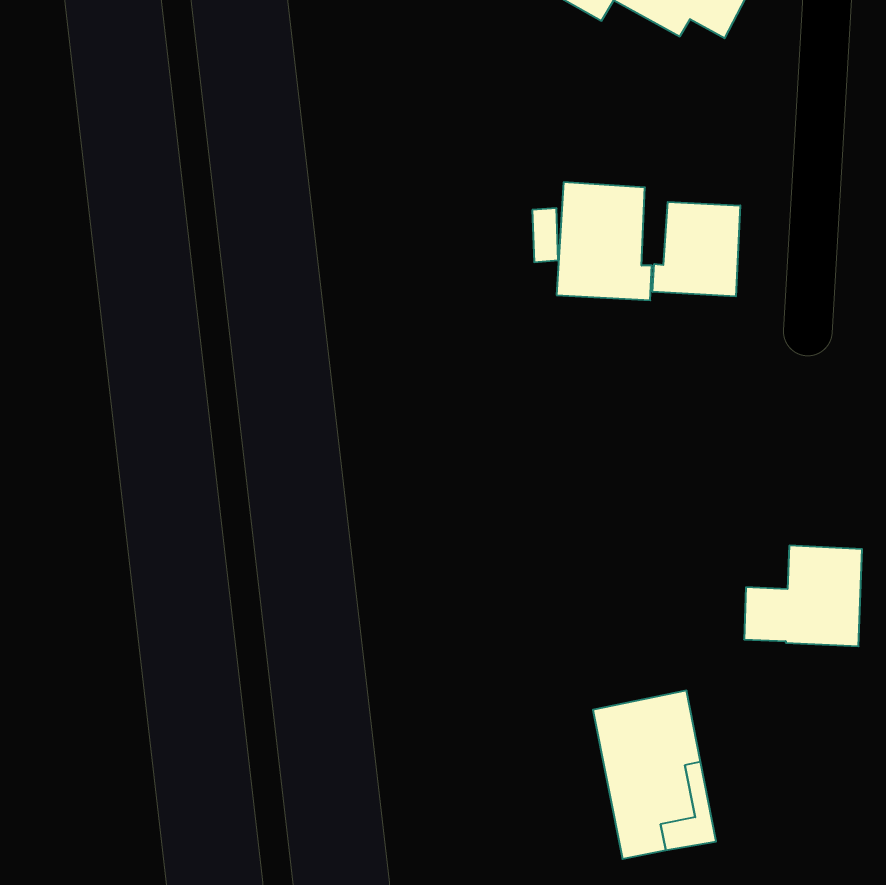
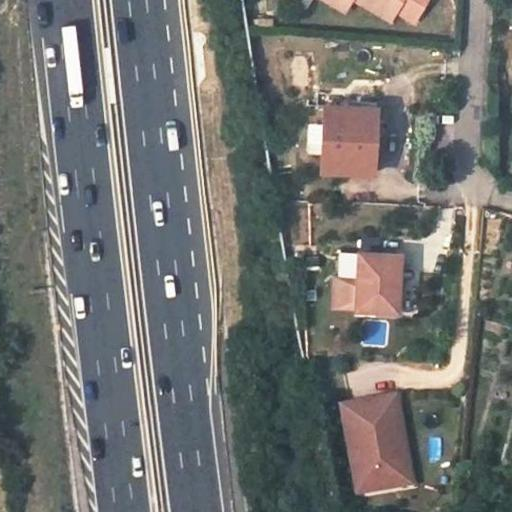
building: [653,202,740,296] -> none
building: [744,546,862,646] -> [335,255,403,313]

